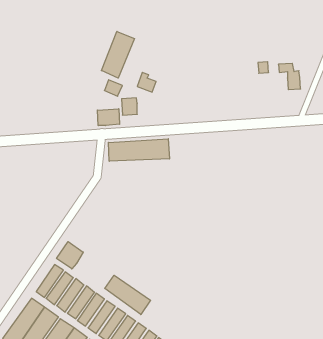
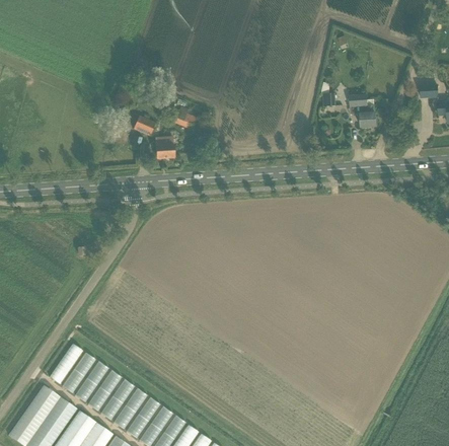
building: [101,31,134,78] -> none
building: [97,109,120,126] -> none
building: [108,139,169,161] -> none
building: [57,242,83,269] -> none
building: [105,275,151,315] -> none

